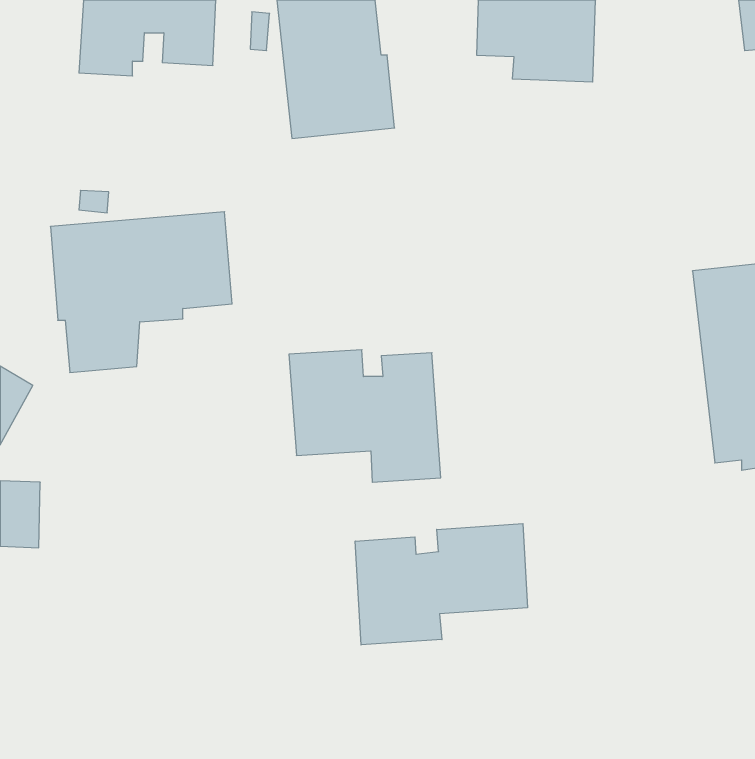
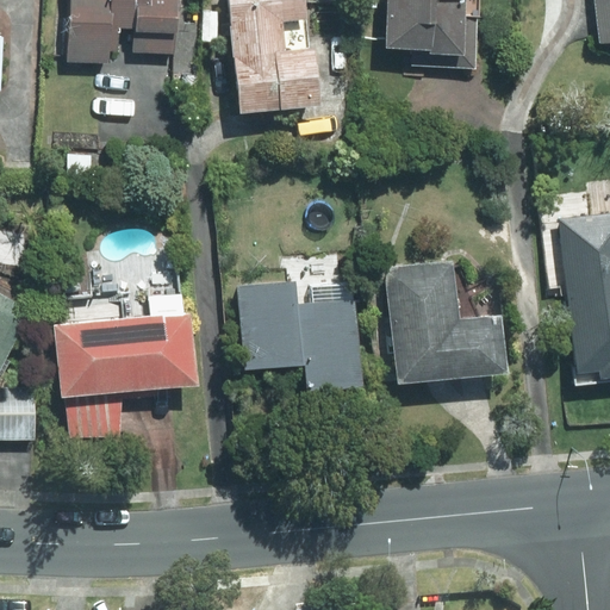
building: [50,212,232,372] -> [51,311,197,440]
building: none -> [384,261,505,382]
building: [355,524,527,645] -> none

